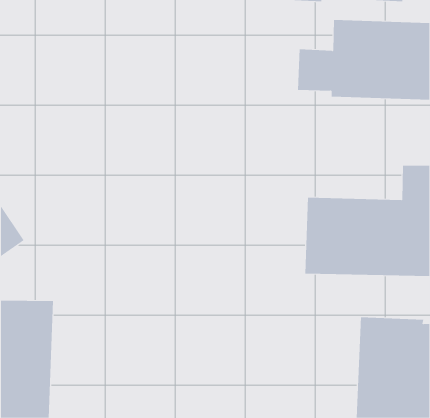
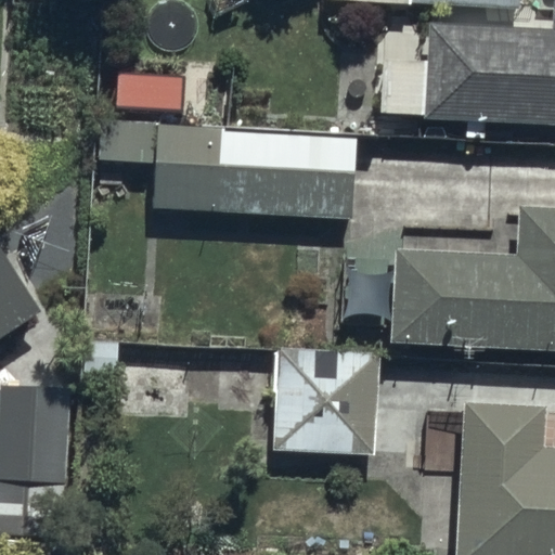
building: none -> [155,117,357,216]
building: none -> [271,346,380,452]

